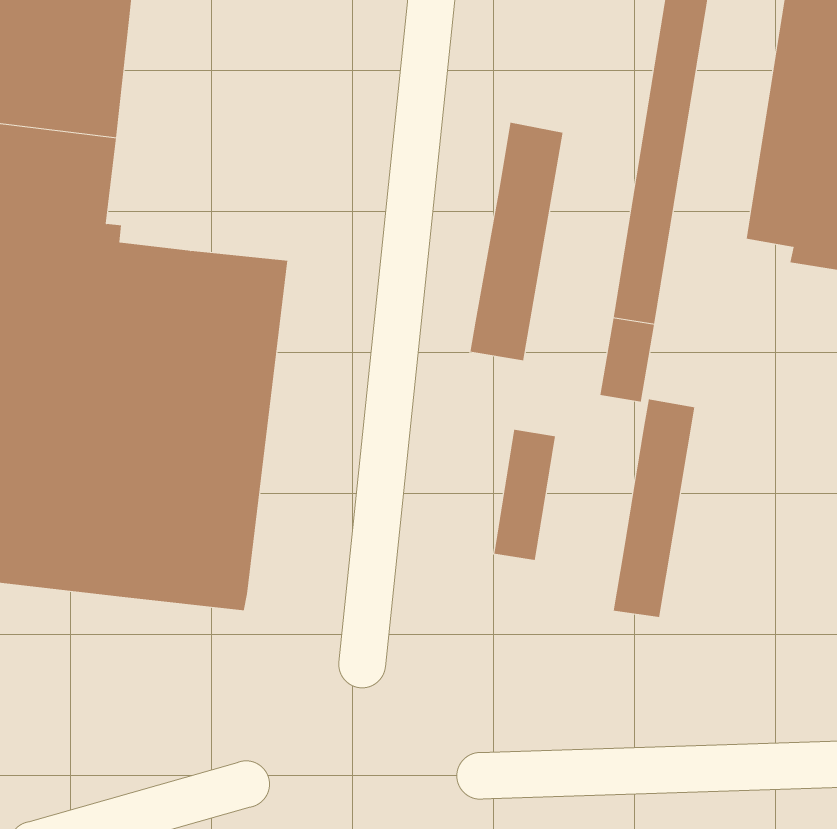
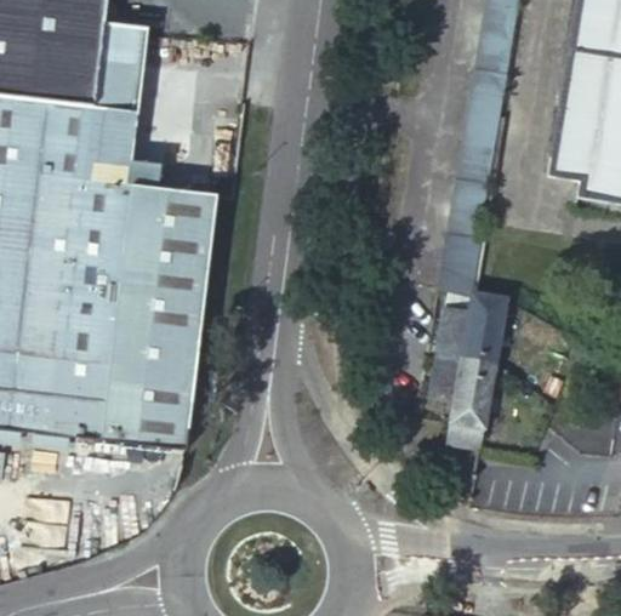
building: none -> [84,17,148,186]
building: [470,122,563,361] -> none
building: [493,429,556,561] -> [426,308,471,403]

